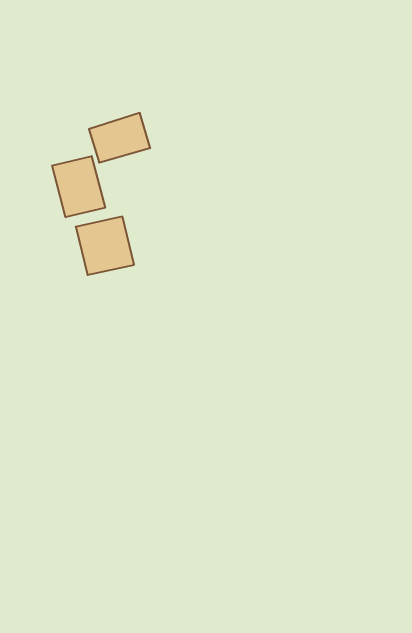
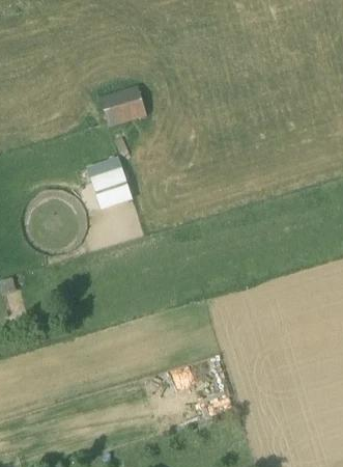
building: [52,156,105,217] -> none

